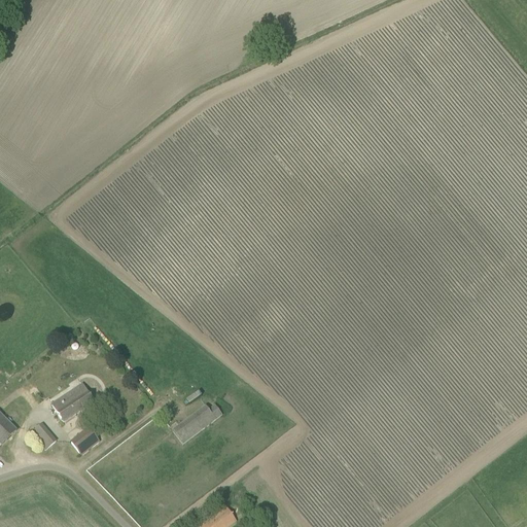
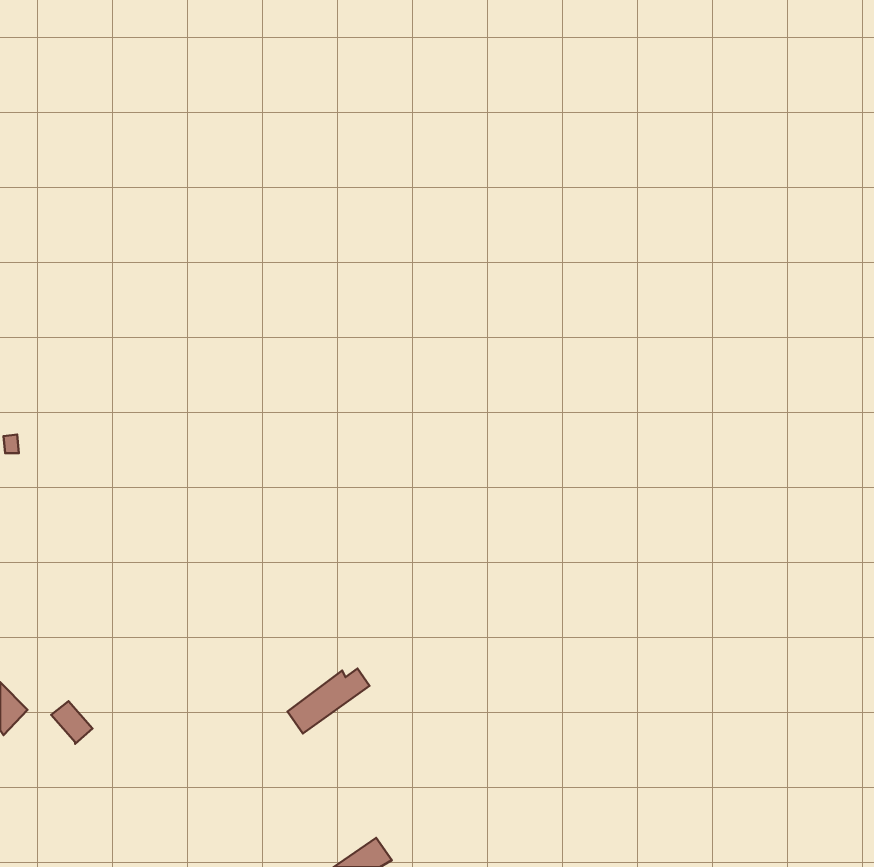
building: [51,383,93,419] -> none
building: [71,426,100,453] -> none

